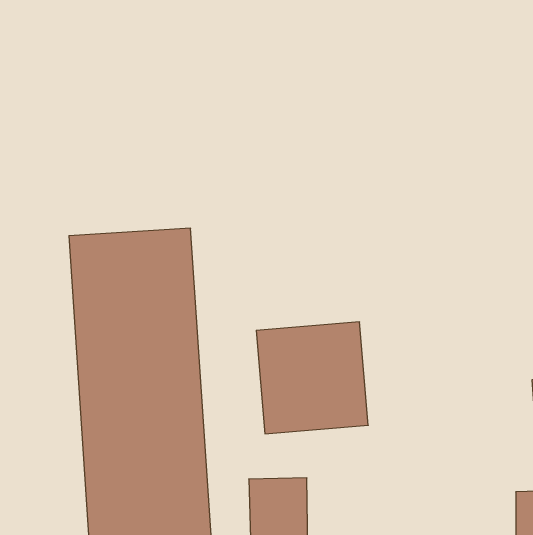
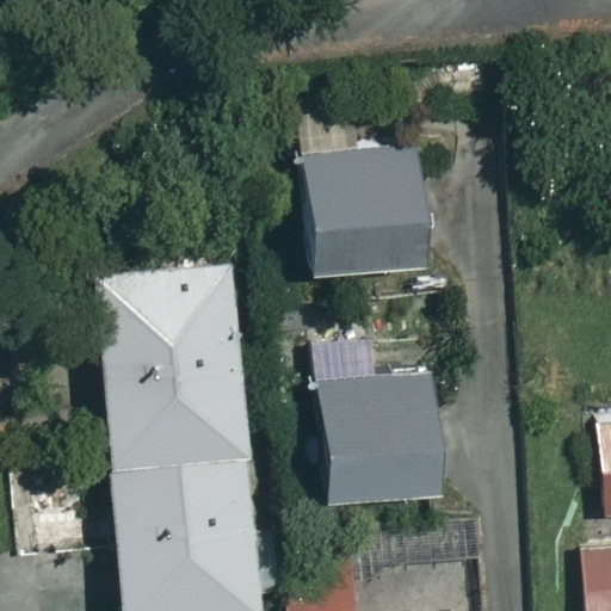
building: none -> [294,148,409,266]

